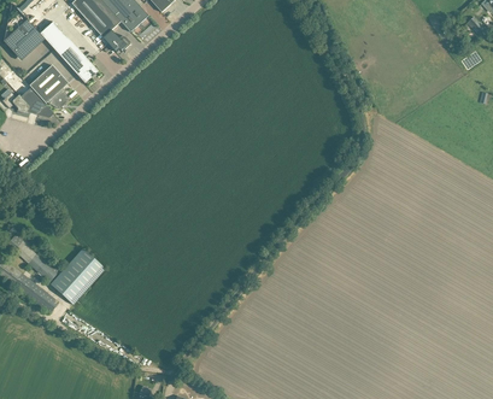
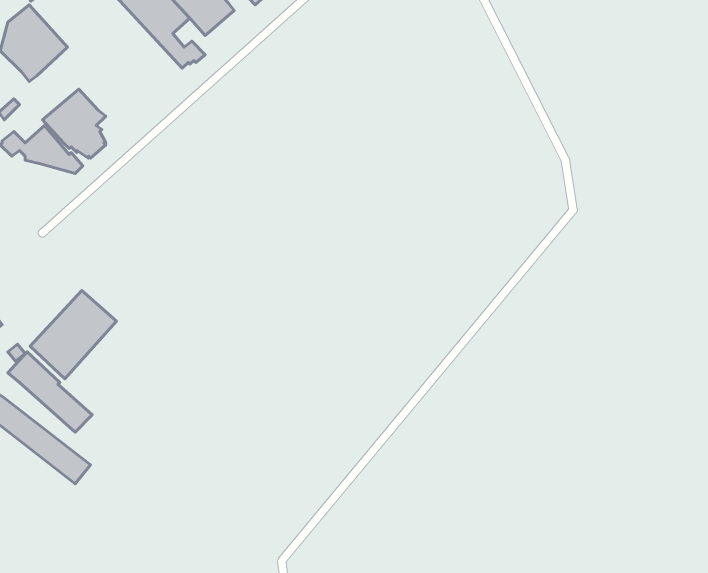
building: [39,20,96,82] -> none
building: [49,248,104,304] -> [30,291,116,379]

